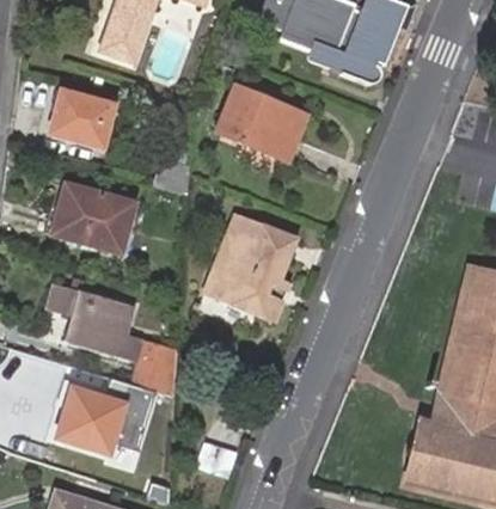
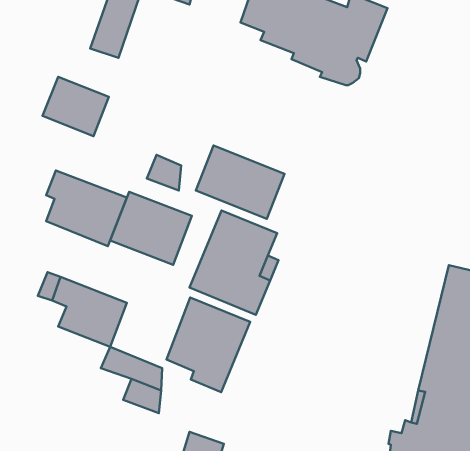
building: [218,90,307,164] -> [196,145,285,219]
building: none -> [110,192,192,265]
building: none -> [166,298,250,392]
building: [50,378,128,450] -> none

